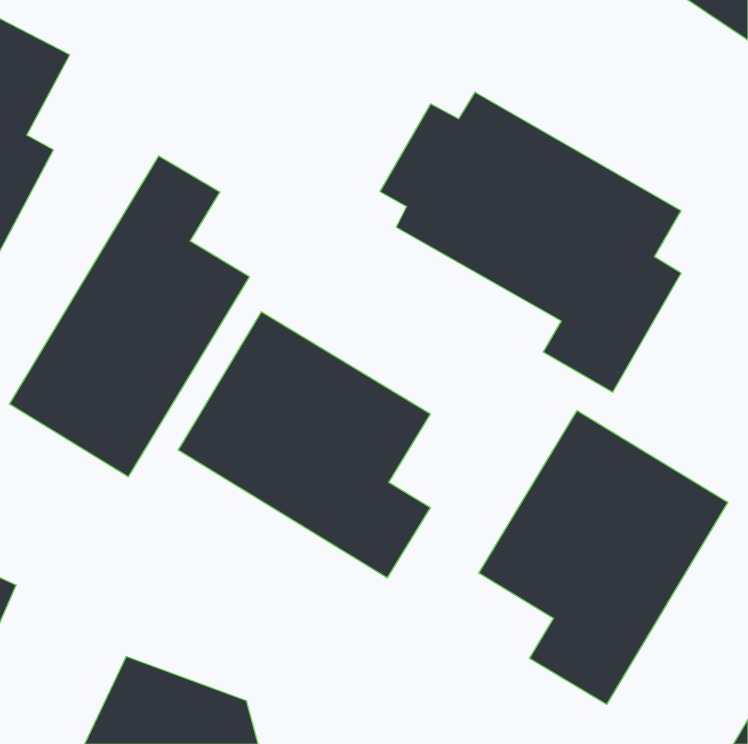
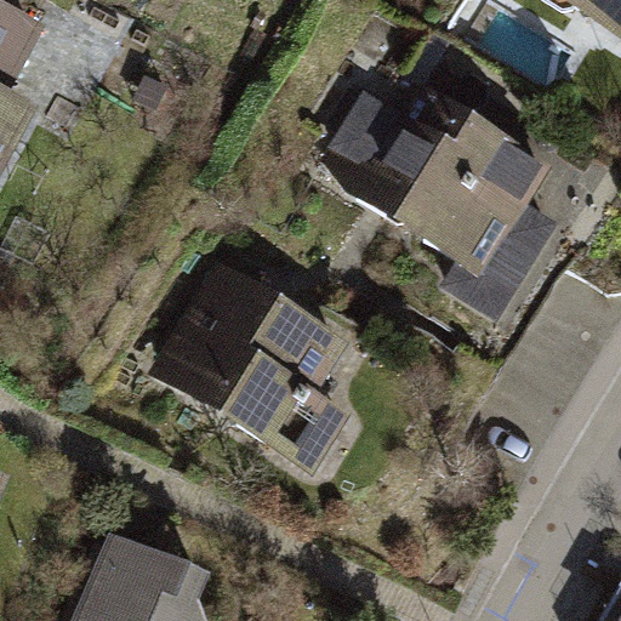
building: [9,156,249,477] -> none
building: [479,411,728,704] -> none

